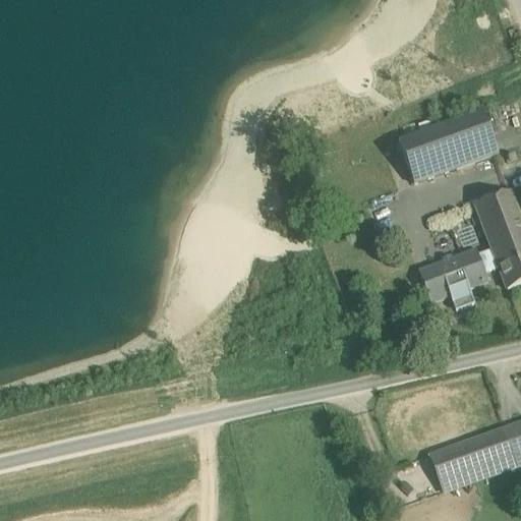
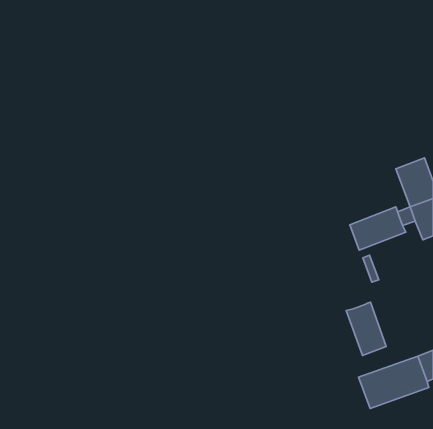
building: [399,110,498,182] -> none
building: none -> [346,302,386,356]

